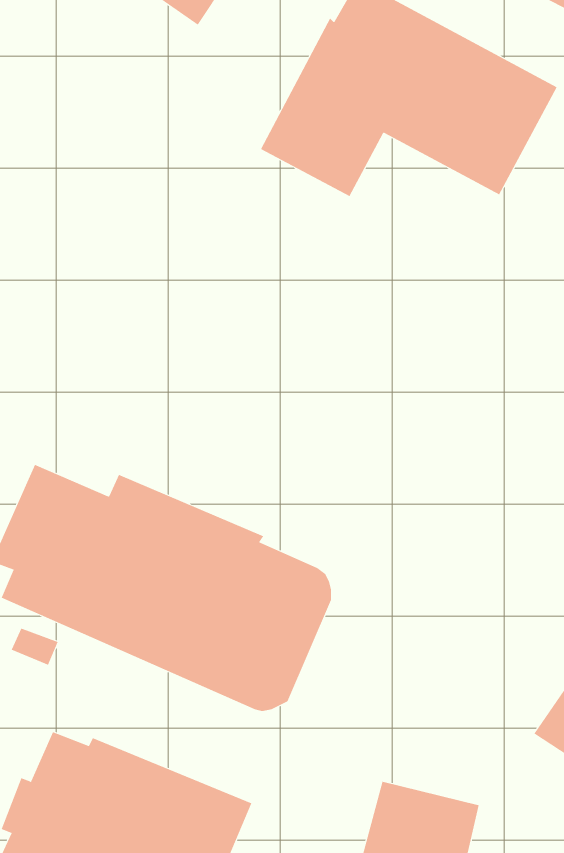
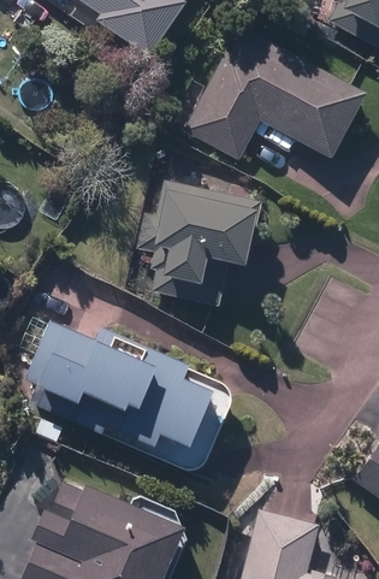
building: none -> [137,178,260,303]

